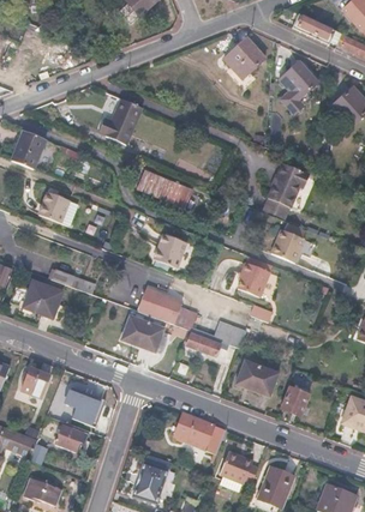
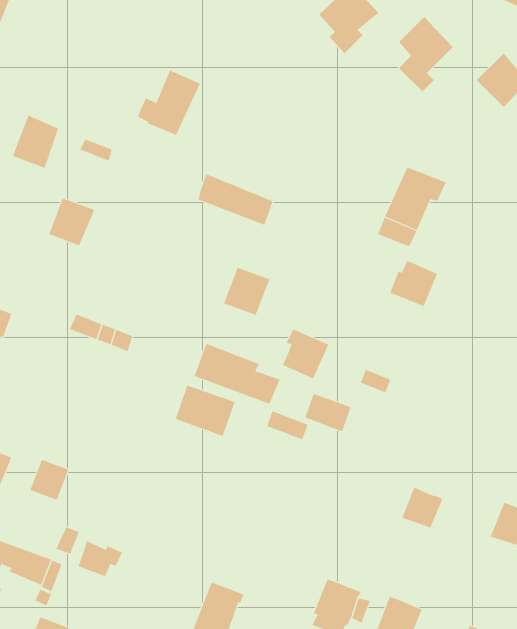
building: [240,264,273,299] -> [282,329,329,379]
building: [8,278,61,317] -> none
building: [235,360,277,393] -> none
building: [66,386,103,424] -> none
building: [173,412,226,450] -> none

